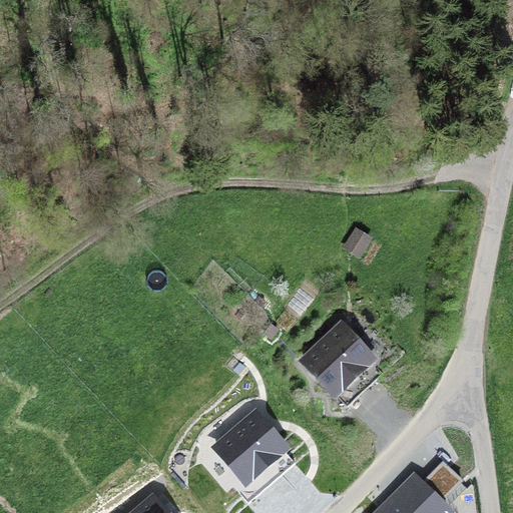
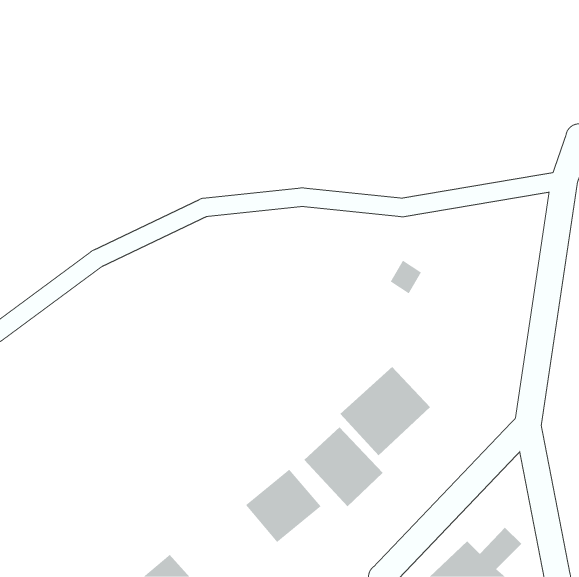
building: none -> [303,427,384,507]

